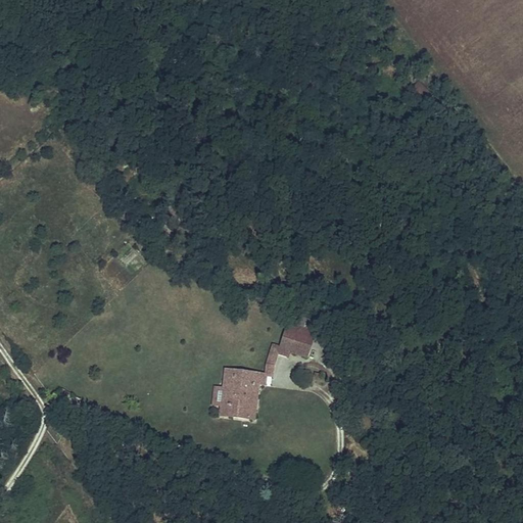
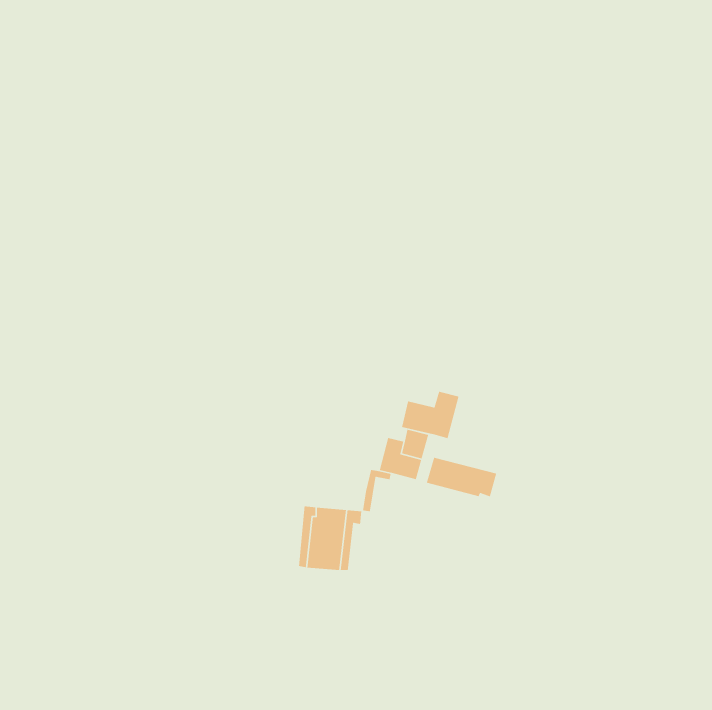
building: none -> [401,391,459,439]
building: none -> [426,457,497,497]

